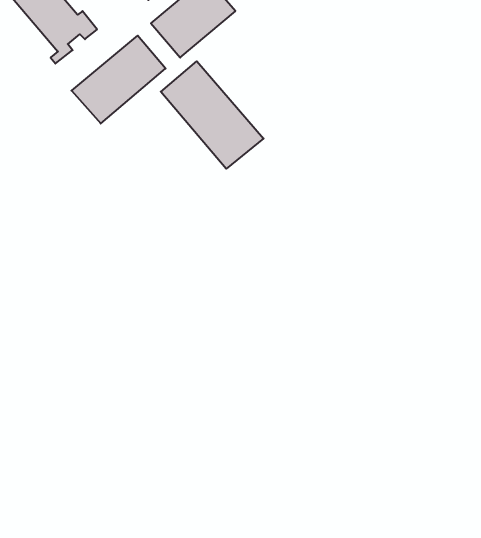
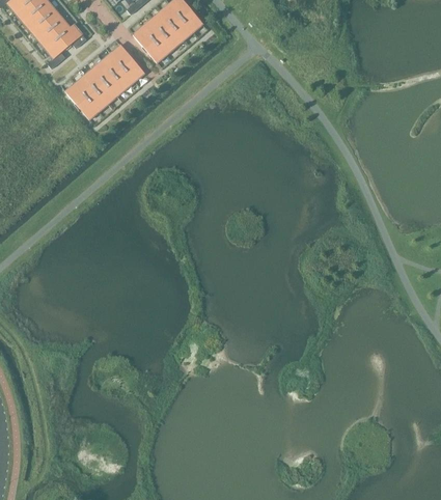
building: [161,61,264,169] -> none

